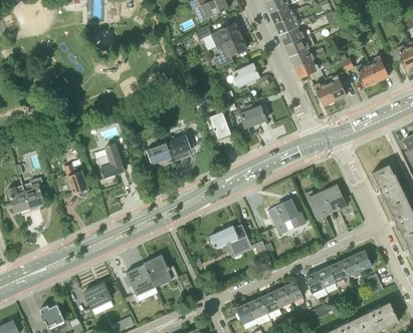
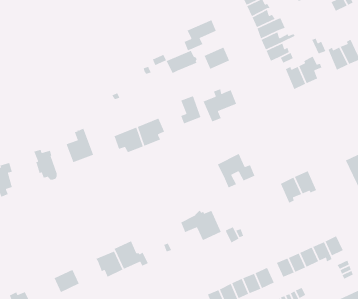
building: [196,23,241,47] -> [152,50,197,74]
building: [268,200,306,235] -> [217,153,255,188]

